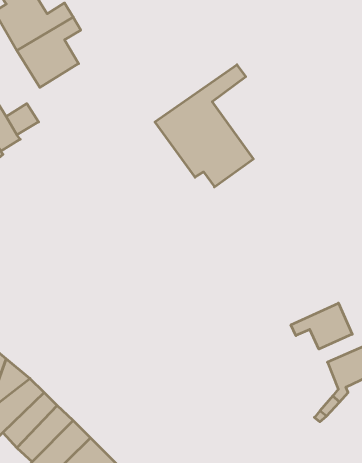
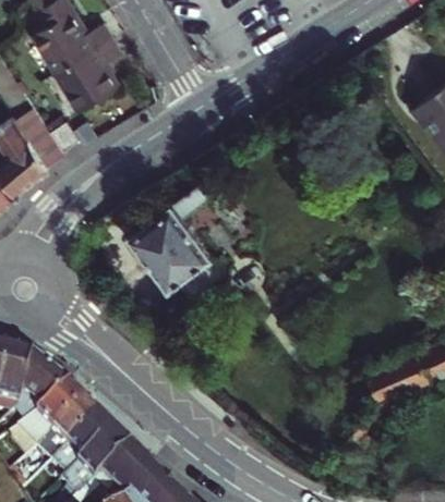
building: [155,65,253,187] -> [124,180,224,303]
building: [291,303,352,349] -> none

